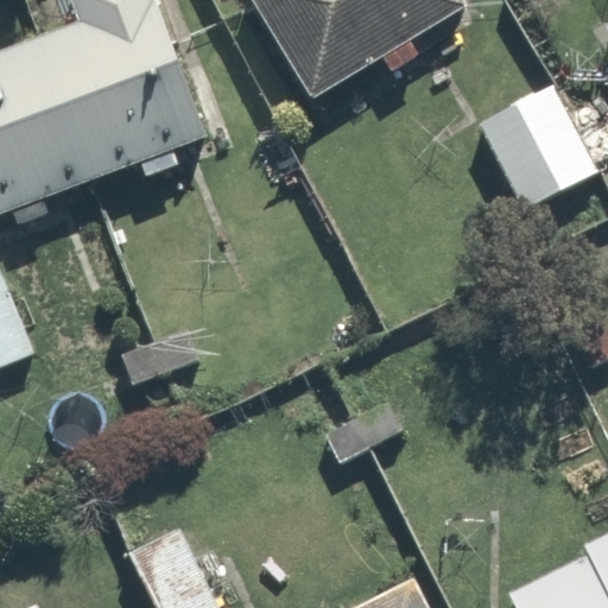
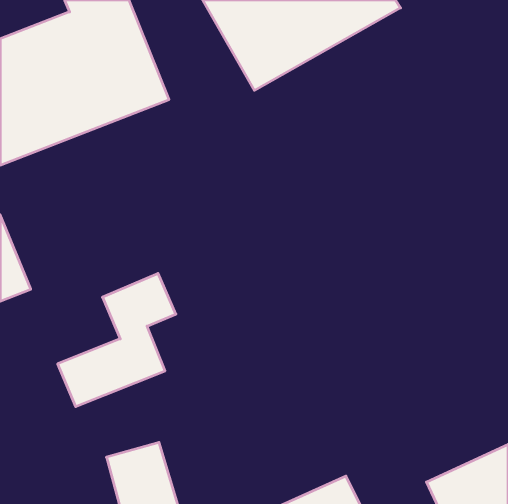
building: [483,82,597,204] -> none

